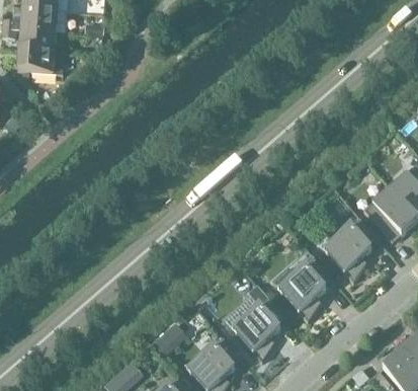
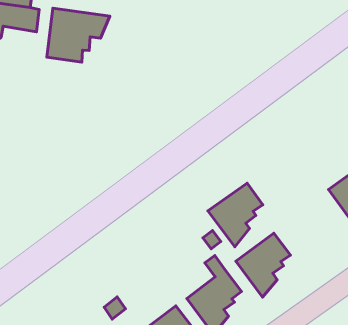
building: none -> [47,8,110,62]
building: [322,217,375,281] -> [208,183,263,247]

